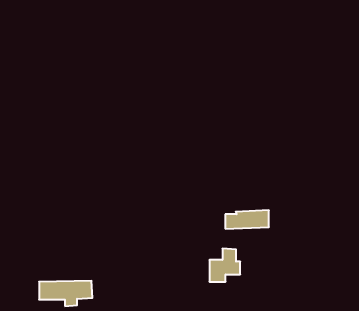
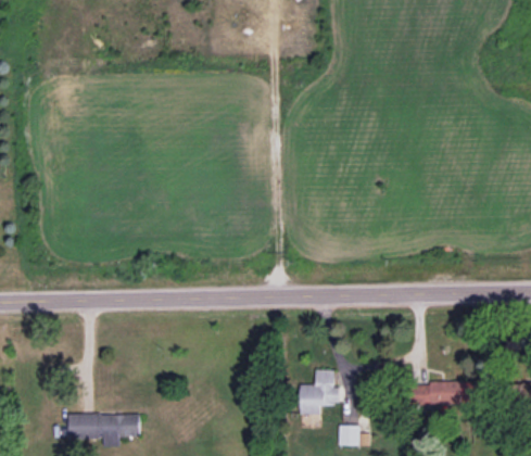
building: [225,210,269,229] -> [413,381,471,406]
building: none -> [338,426,367,445]

